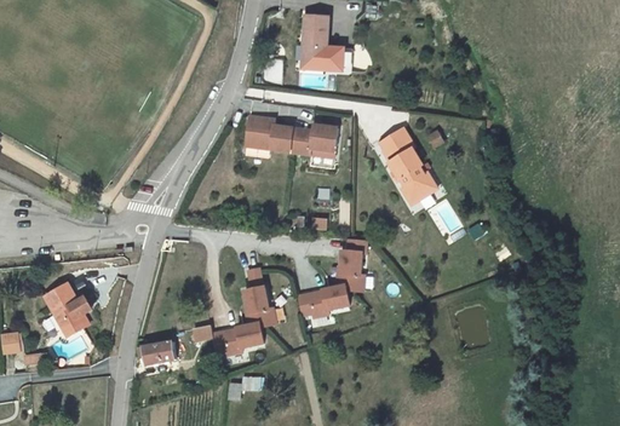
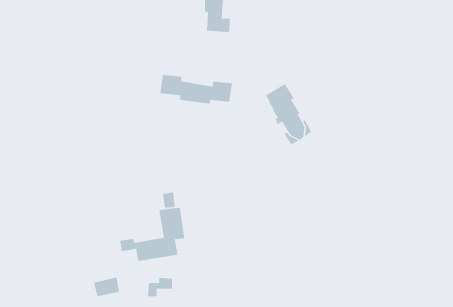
building: [295,237,367,317] -> none
building: [47,280,93,330] -> none
building: [140,339,174,364] -> [93,277,120,297]

